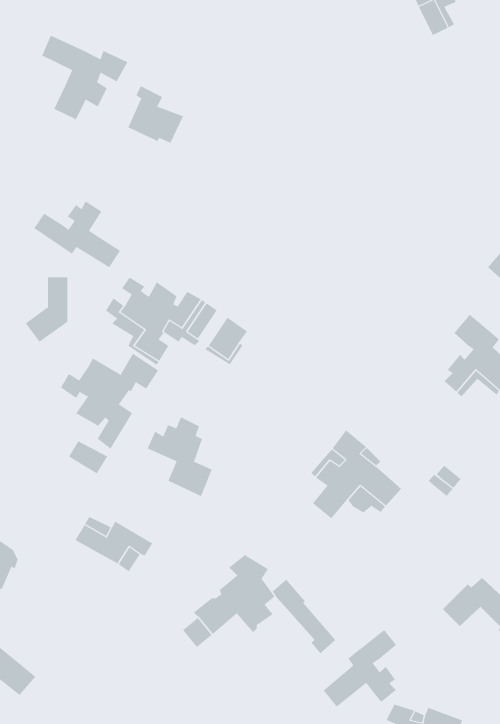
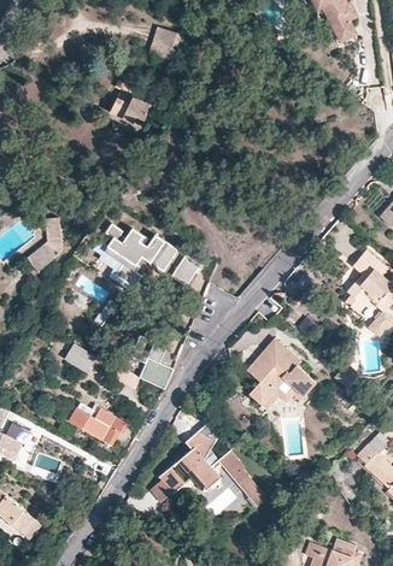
building: none -> [148,28,181,63]
building: [42,35,128,120] -> none
building: [33,200,121,268] -> none
building: [60,353,159,450] -> none
building: [323,629,397,708] -> none

